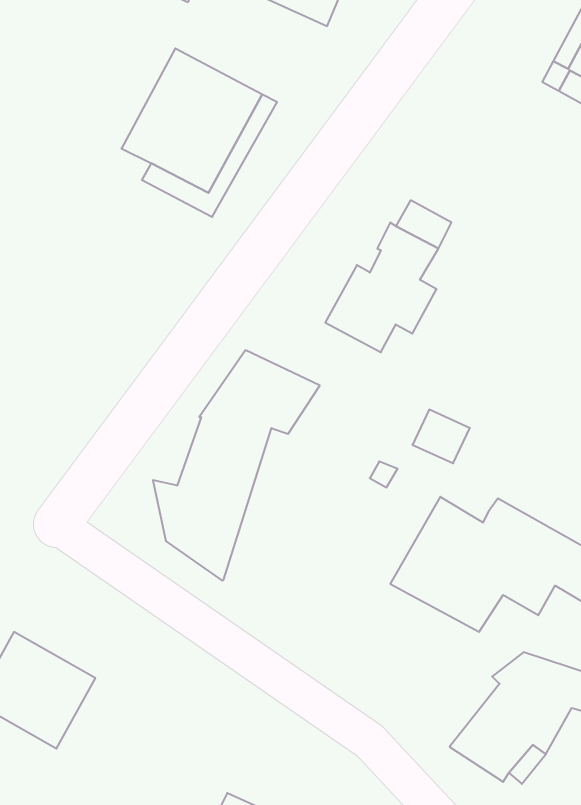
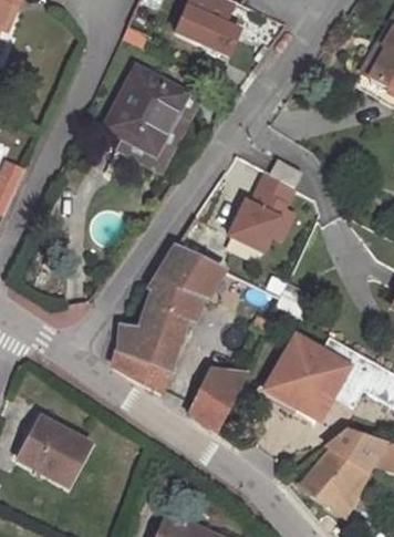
building: none -> [111,326,165,395]
building: none -> [194,369,243,424]

